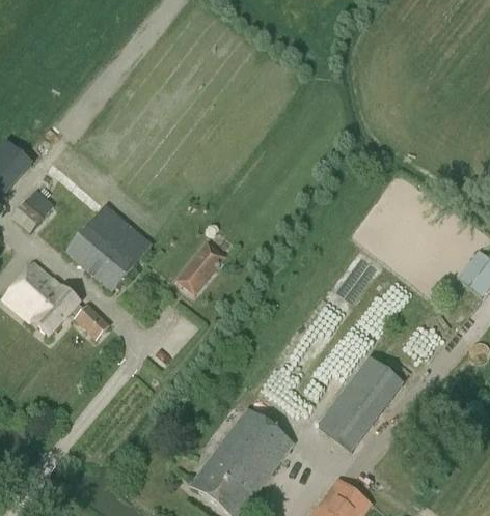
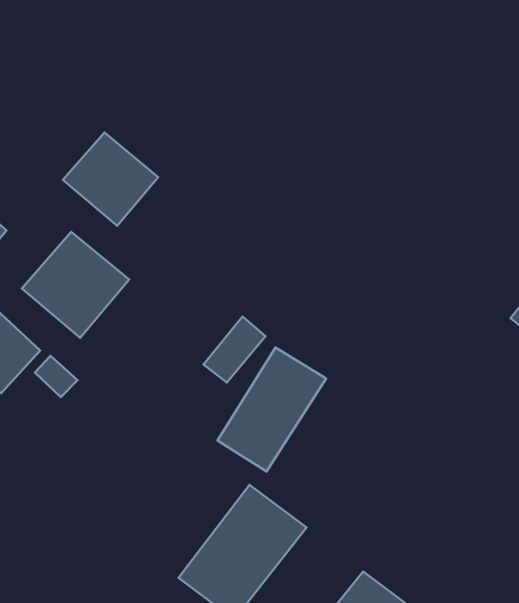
building: none -> [63,132,158,226]
building: [175,242,225,295] -> [204,317,266,383]
building: [322,353,409,453] -> [217,347,326,471]

